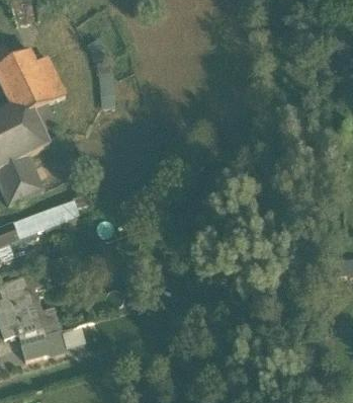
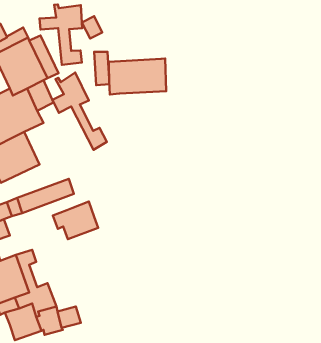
building: none -> [39,4,82,65]
building: none -> [109,58,166,94]
building: none -> [52,73,107,150]
building: none -> [53,202,98,239]

